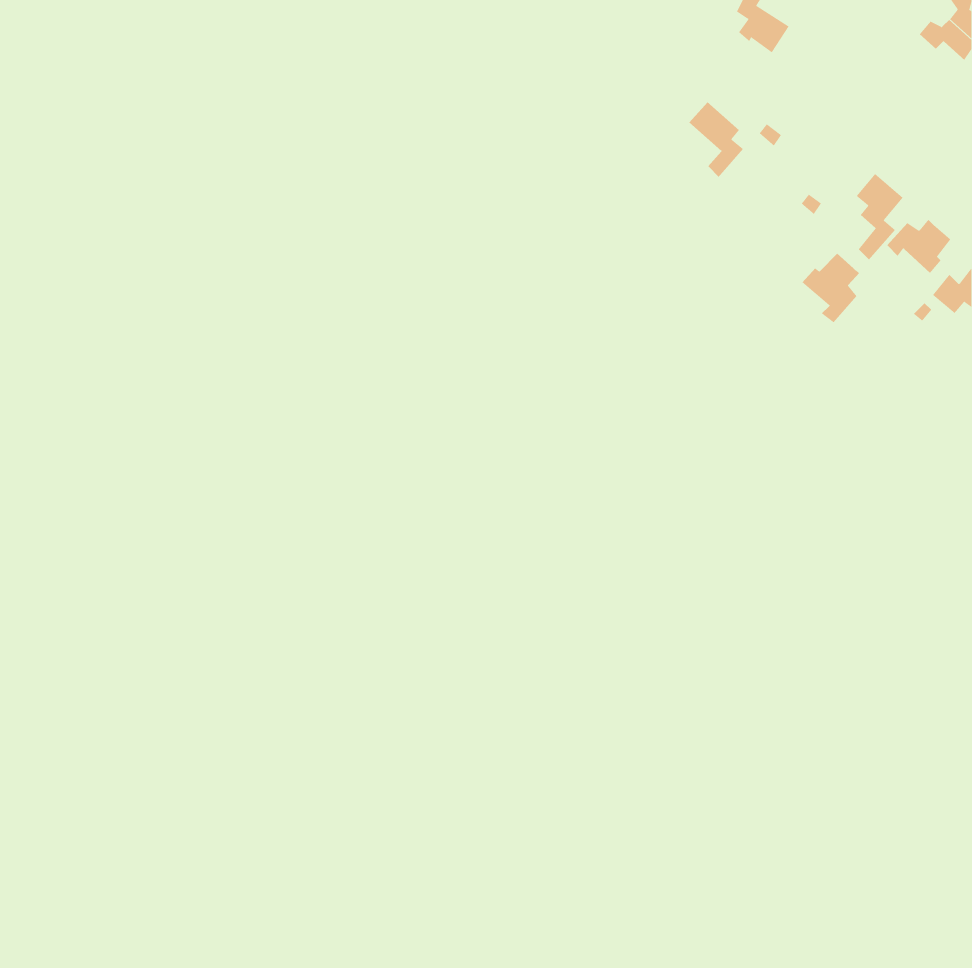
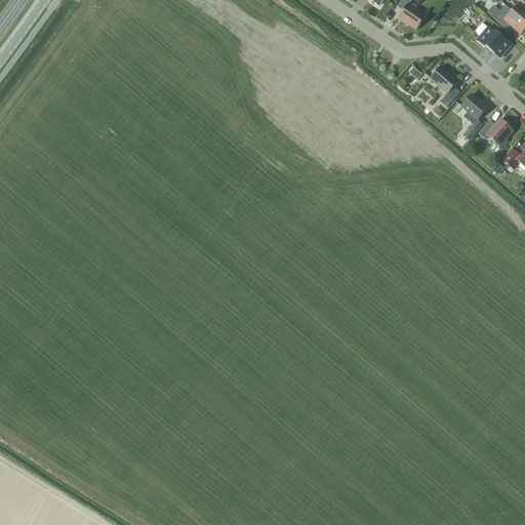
building: none -> [476,27,511,56]
building: [689,102,744,178] -> [430,66,459,107]
building: [802,253,860,323] -> none

